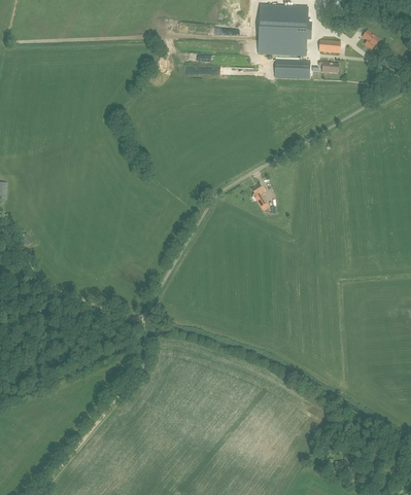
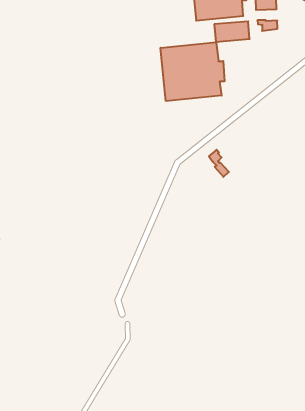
building: none -> [161,42,224,101]

